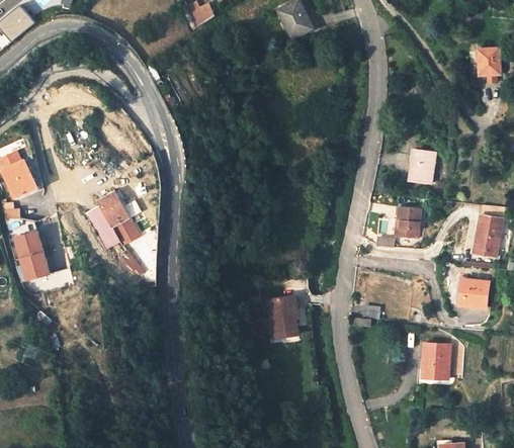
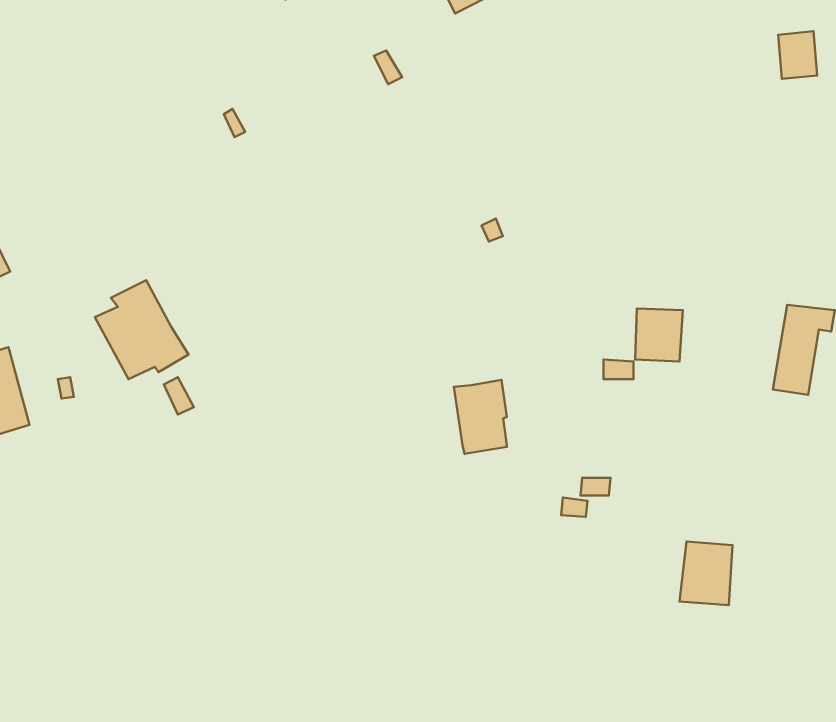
building: [410,152,433,184] -> none
building: [460,280,488,308] -> none
building: [267,296,297,339] -> [454,380,507,454]

